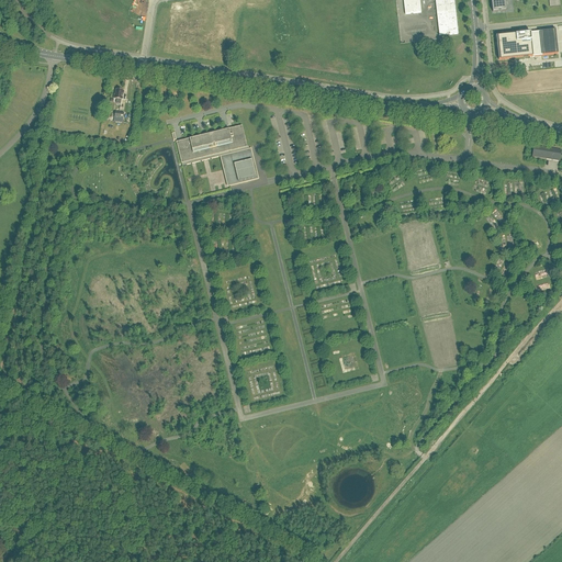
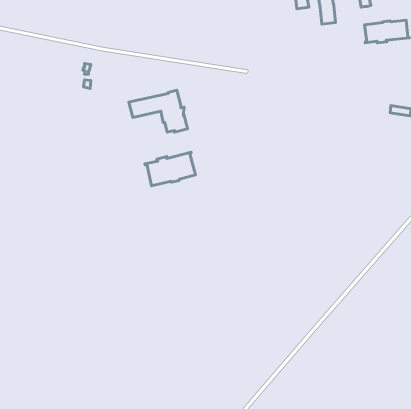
building: none -> [145,152,196,186]

